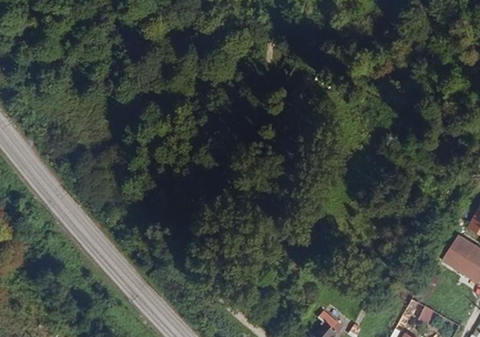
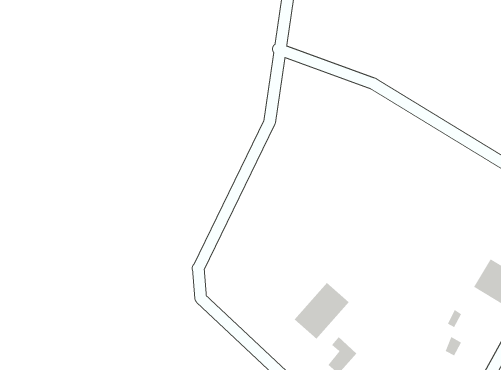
building: none -> [294,282,349,339]

